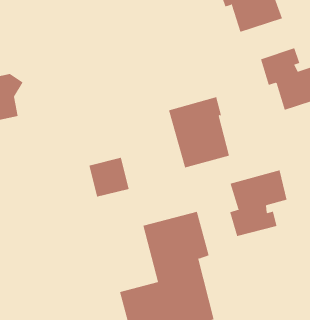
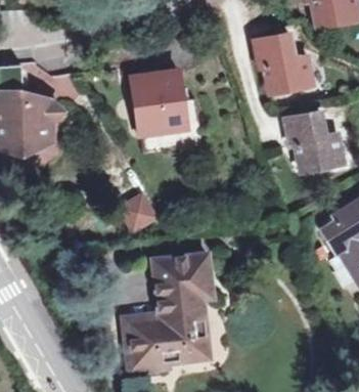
building: [168,96,230,168] -> [134,72,185,134]
building: [229,169,287,237] -> none

